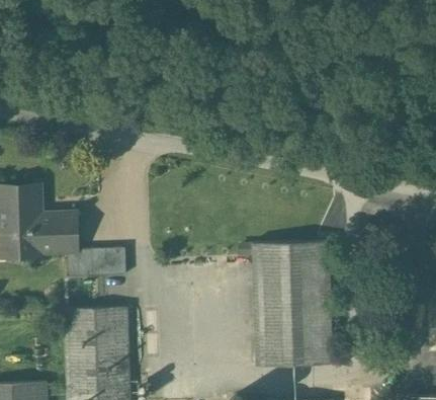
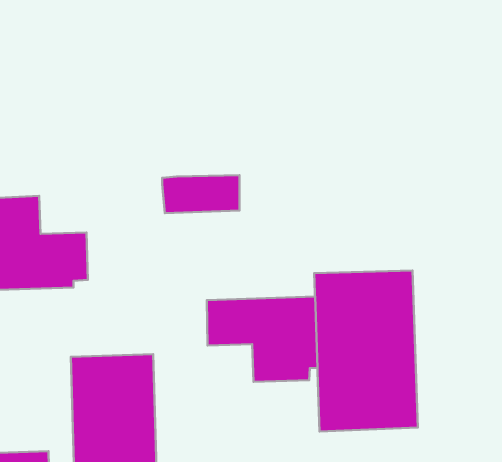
building: [67,248,126,277] -> [162,175,239,213]
building: none -> [207,296,317,382]

